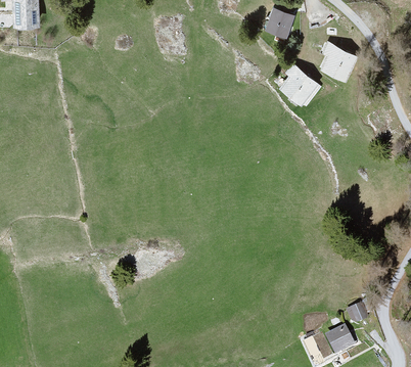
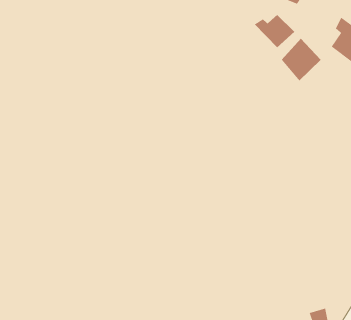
building: none -> [254,14,295,48]

